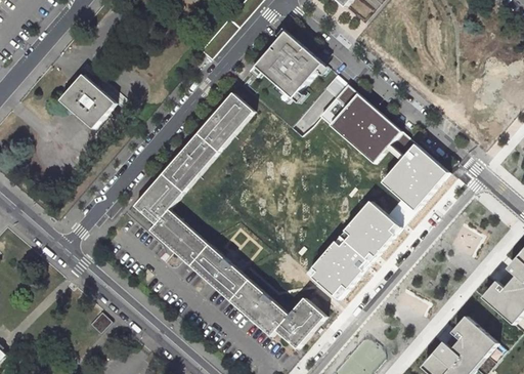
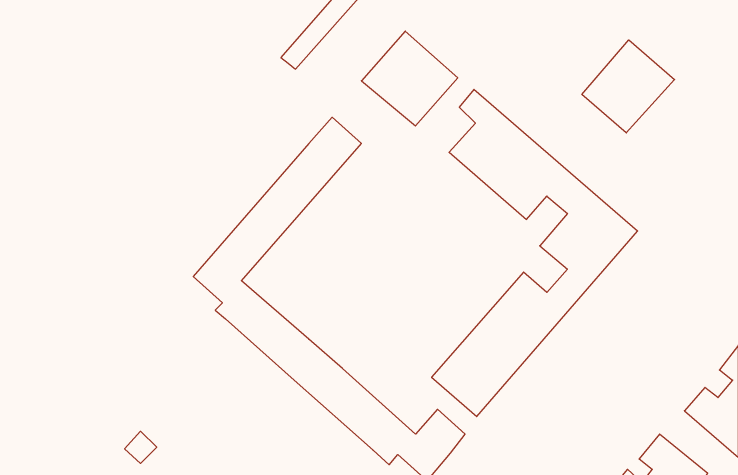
building: none -> [582,40,675,133]
building: [61,74,116,127] -> none

